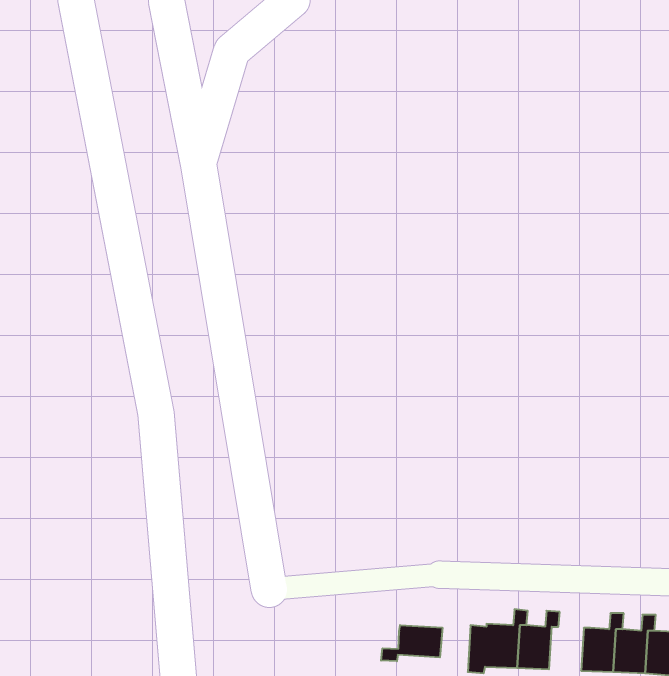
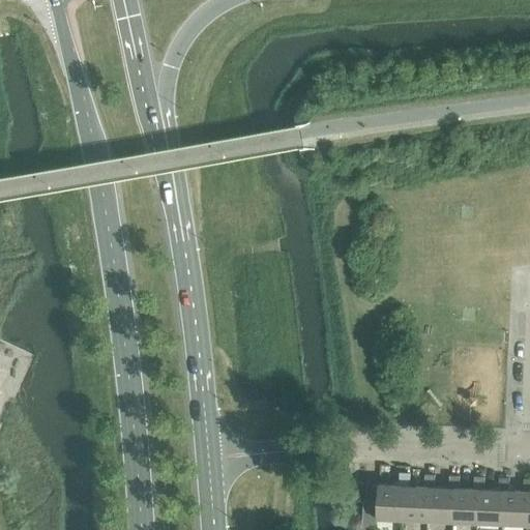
building: none -> [436,479,469,525]
building: [381,625,442,661] -> none

